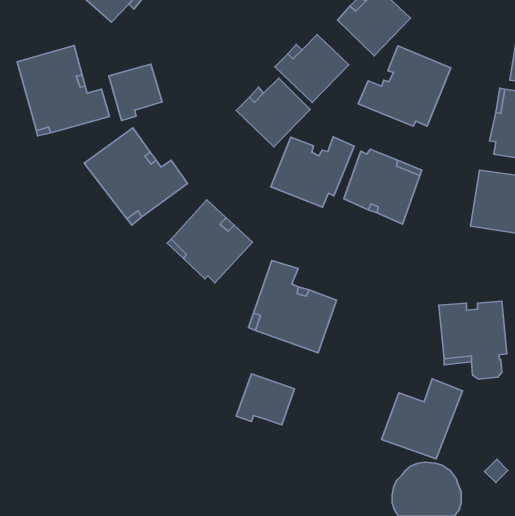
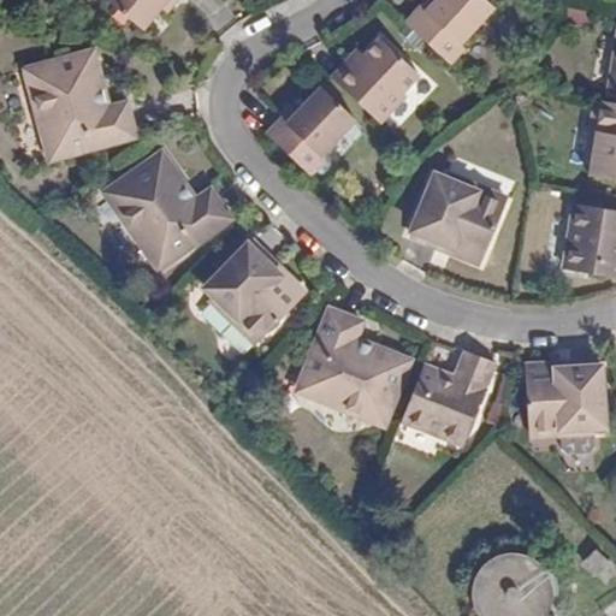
building: [358,46,451,126] -> none
building: [109,64,162,121] -> none
building: [271,137,354,207] -> none
building: [236,374,295,425] -> none
building: [381,379,463,459] -> [399,343,496,438]

